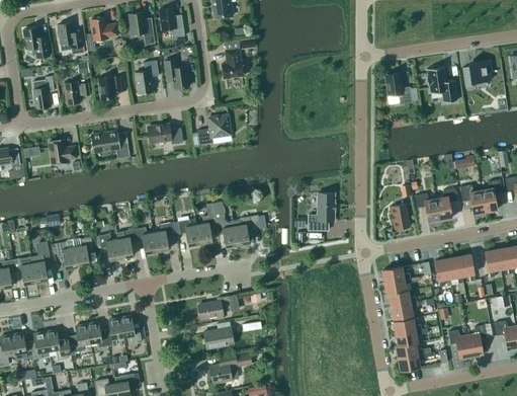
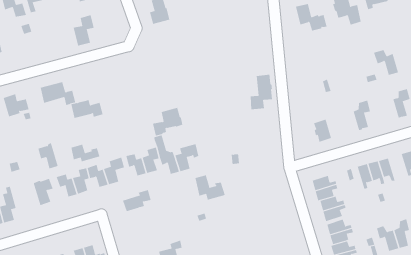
building: [164,59,189,88] -> none
building: [98,76,126,99] -> none
building: [64,81,90,104] -> none
building: [197,114,232,144] -> [152,107,183,136]
building: [148,124,183,144] -> [70,100,103,118]
building: [459,184,486,214] -> [373,50,399,76]
building: [308,192,335,230] -> [250,74,273,110]
building: [415,192,440,222] -> none
building: none -> [71,144,100,162]
building: [56,239,77,268] -> [38,142,59,169]
building: none -> [195,174,225,201]
building: [198,296,231,318] -> [122,190,151,212]

